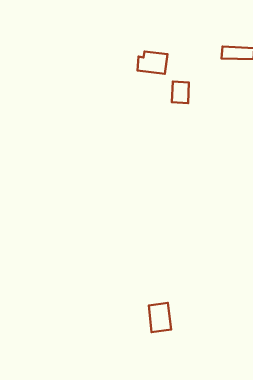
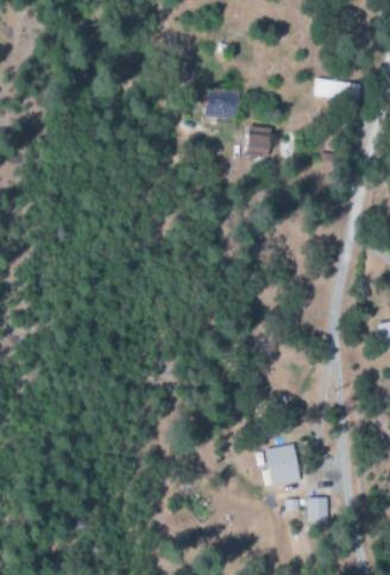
building: [149,303,171,332] -> [266,446,297,486]
building: none -> [308,497,329,523]

